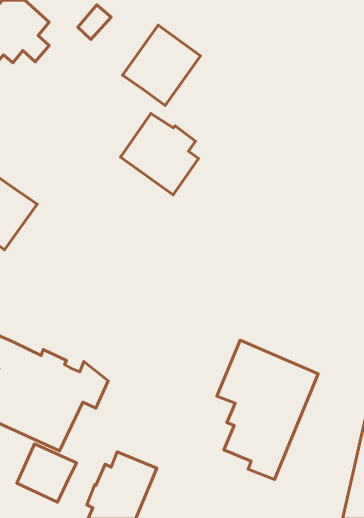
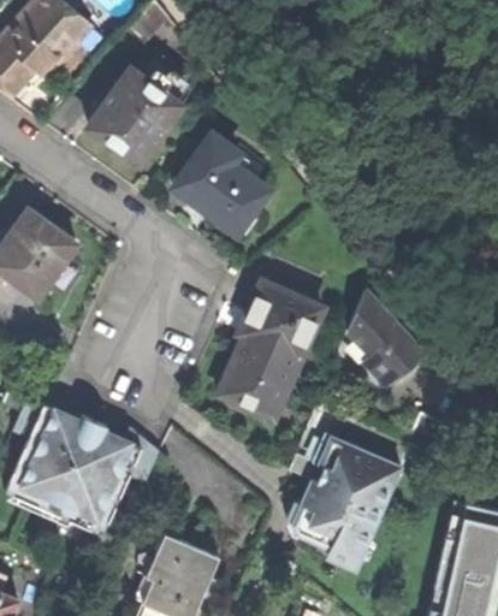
building: [122,25,201,105] -> [87,69,179,164]
building: none -> [218,282,322,417]
building: none -> [346,291,422,381]
building: [17,444,76,502] -> none

